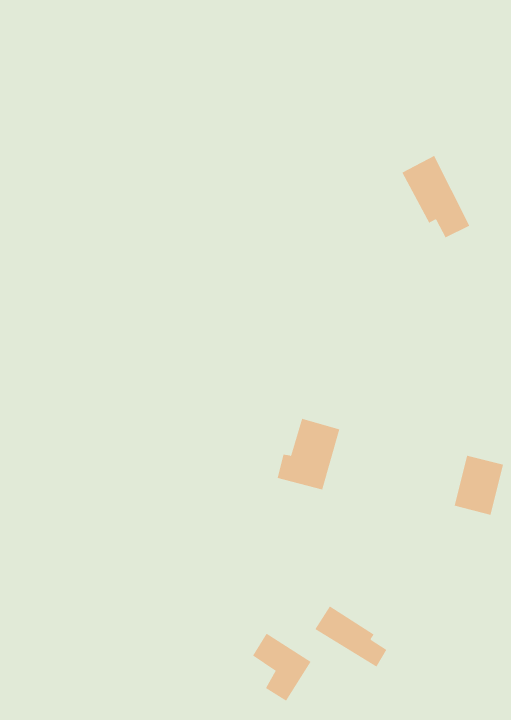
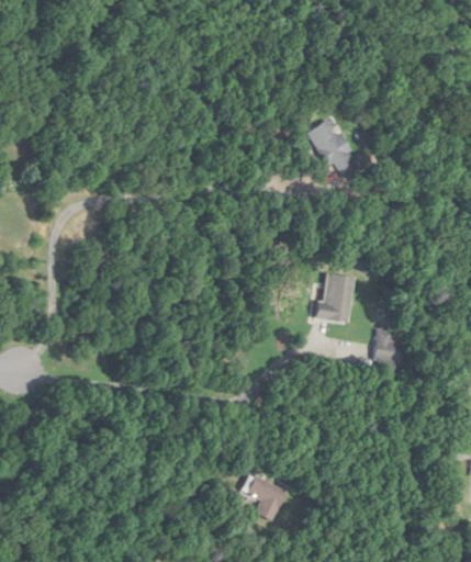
building: [277,418,340,490] -> [314,272,355,322]
building: [314,605,387,668] -> none

